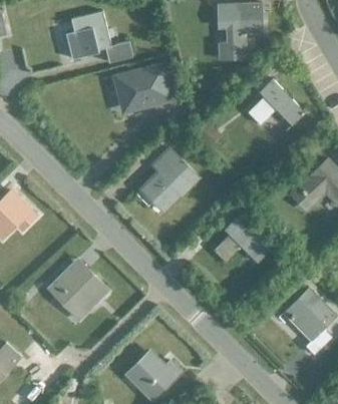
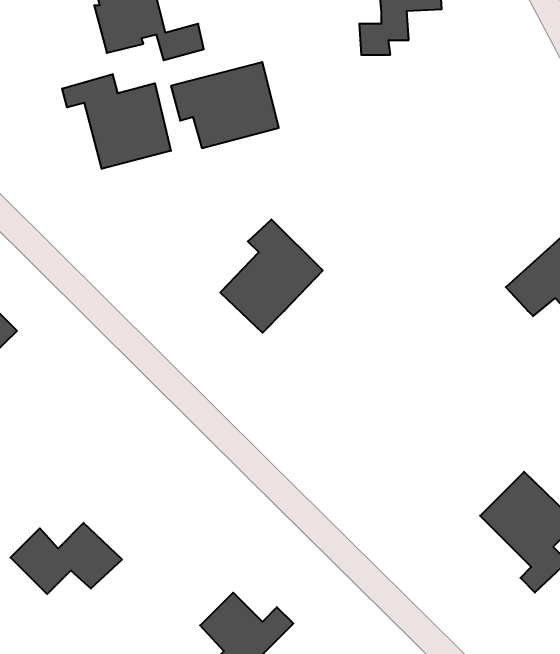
building: none -> [62,74,171,169]
building: [248,80,304,126] -> none
building: [213,218,269,264] -> none
building: [48,271,109,310] -> [10,523,122,594]

